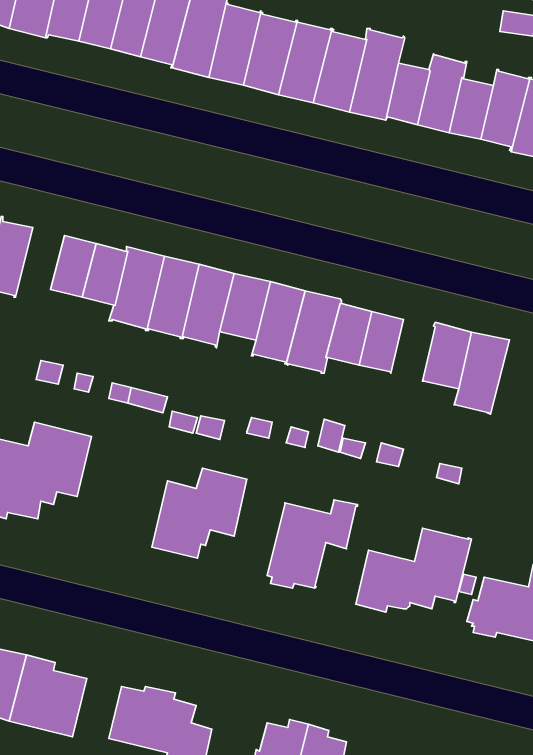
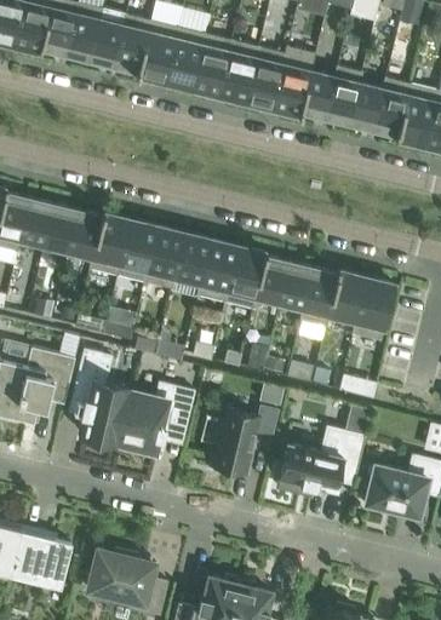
building: none -> [21,199,55,246]
building: none -> [299,269,338,328]
building: none -> [73,350,133,446]

